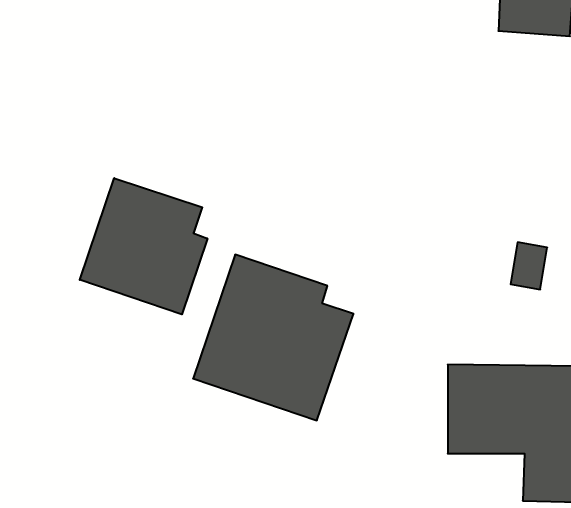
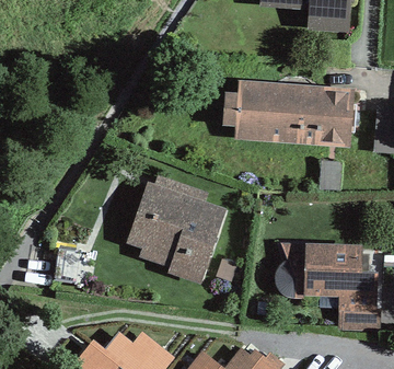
building: none -> [224,80,356,148]
building: [80,178,207,314] -> none

